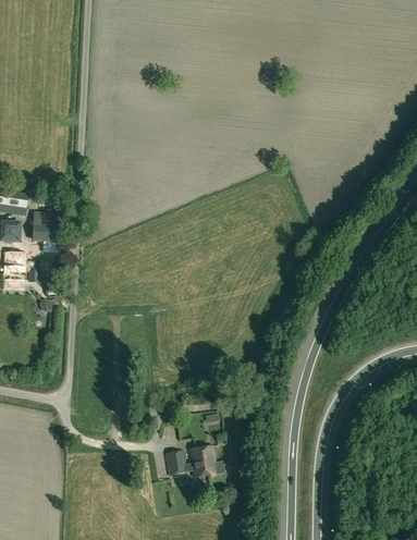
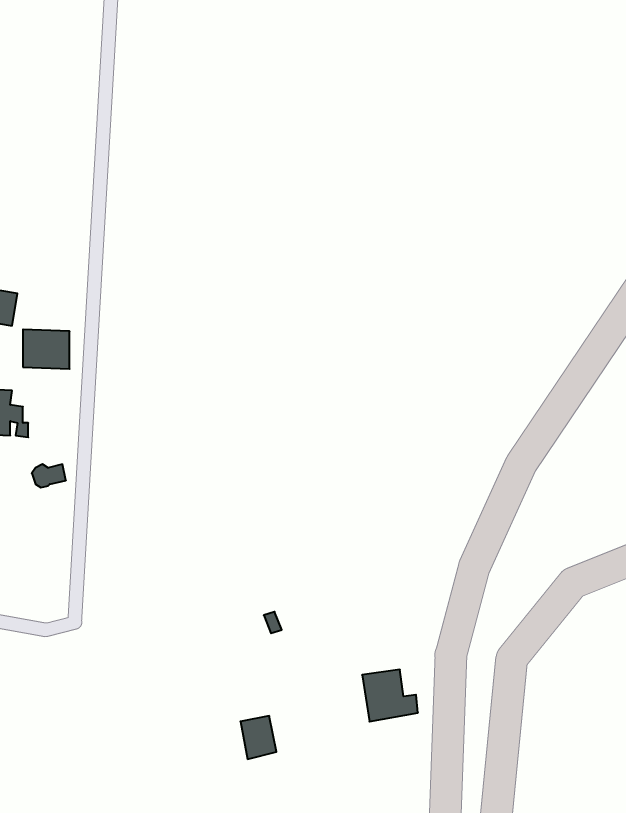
building: [189,446,223,478] -> [362,670,418,722]

